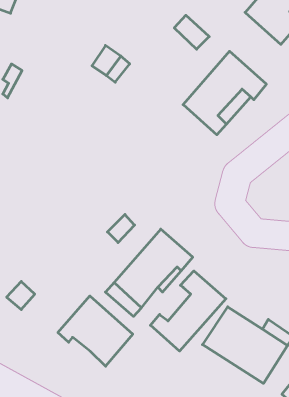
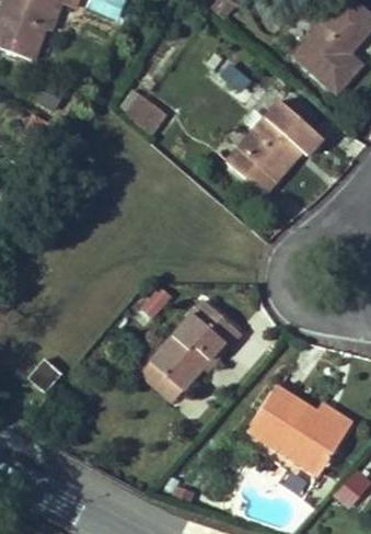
building: [150,271,226,351] -> none
building: [58,296,133,366] -> none

